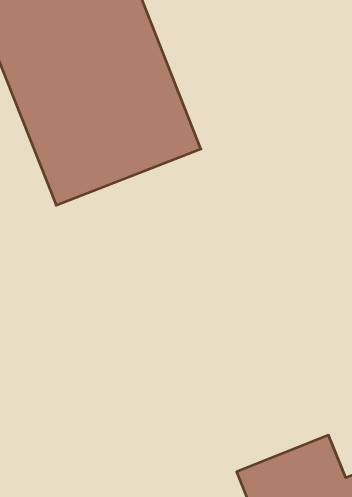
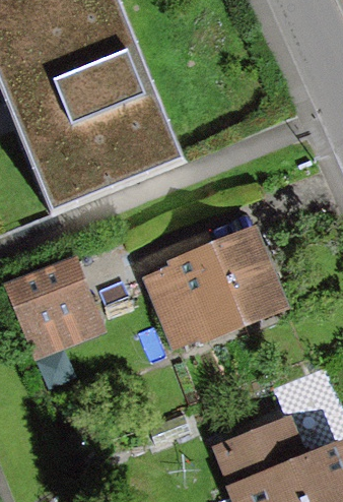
building: none -> [143,232,284,353]
building: none -> [9,262,102,356]

